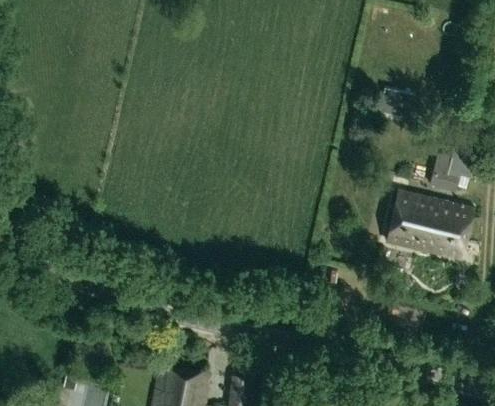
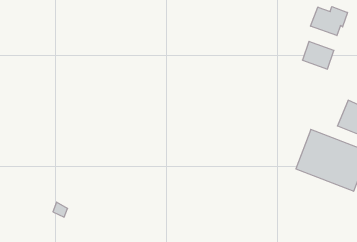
building: none -> [311,7,347,36]

